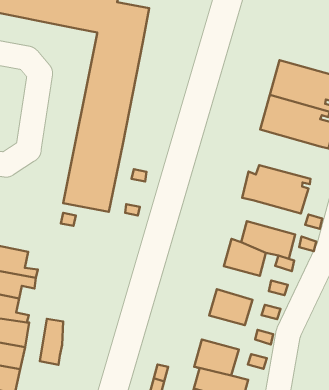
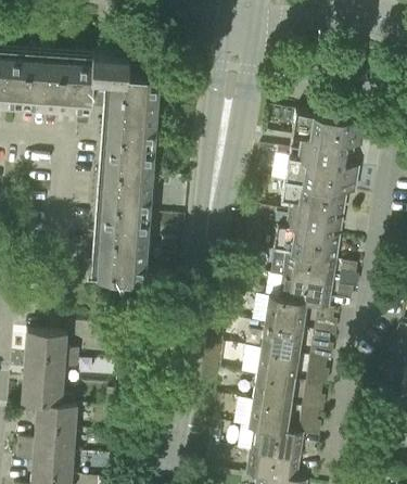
building: none -> [281,186,346,229]
building: none -> [282,257,335,286]
building: none -> [260,327,302,357]
building: none -> [252,378,293,408]
building: [40,319,63,365] -> none

